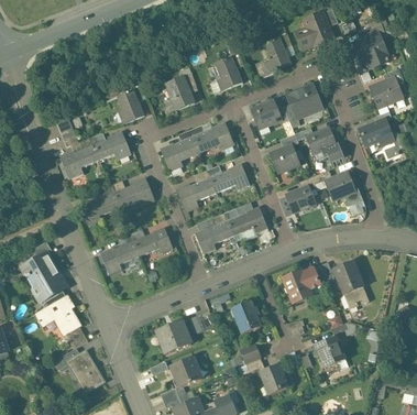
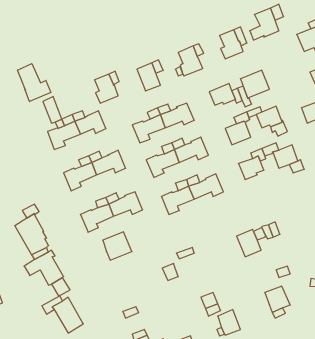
building: none -> [18,64,51,102]
building: [333,261,369,305] -> none
building: [232,302,260,334] -> none
building: [157,320,191,353] -> [103,232,132,260]
building: [171,357,201,387] -> none

